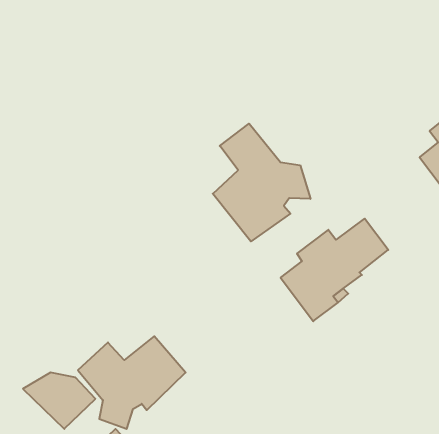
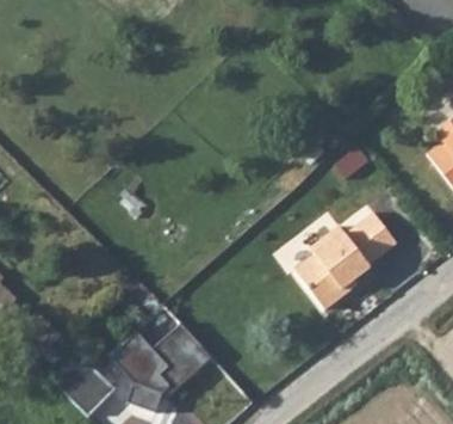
building: [213,124,310,241] -> none

